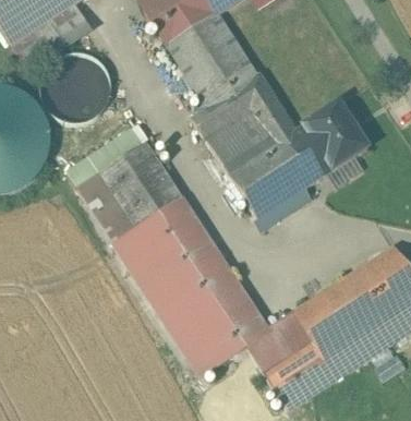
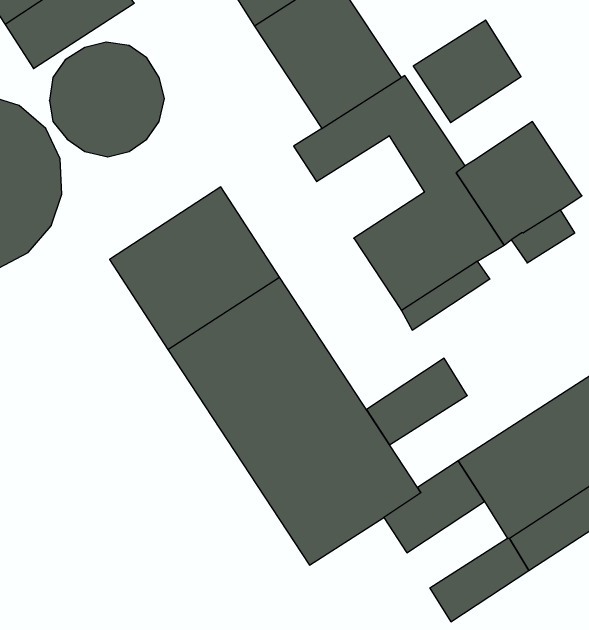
building: [206,110,273,173] -> [413,20,521,123]
building: [68,125,147,187] -> none
building: [262,336,324,389] -> [366,358,467,445]

